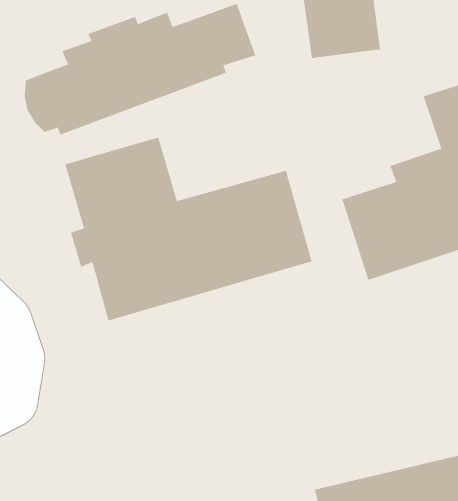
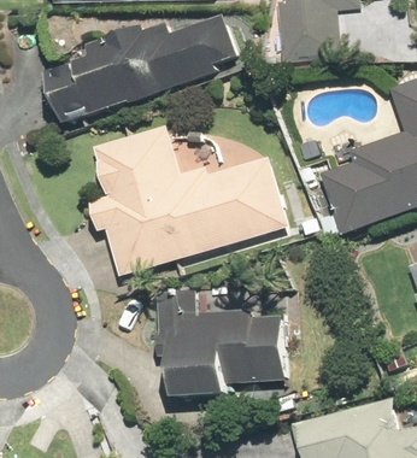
building: none -> [153,289,287,406]

